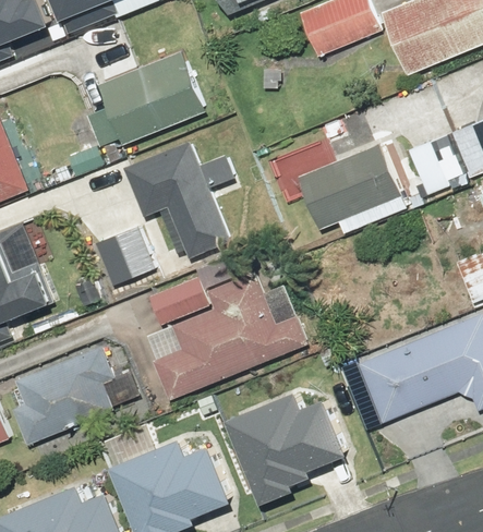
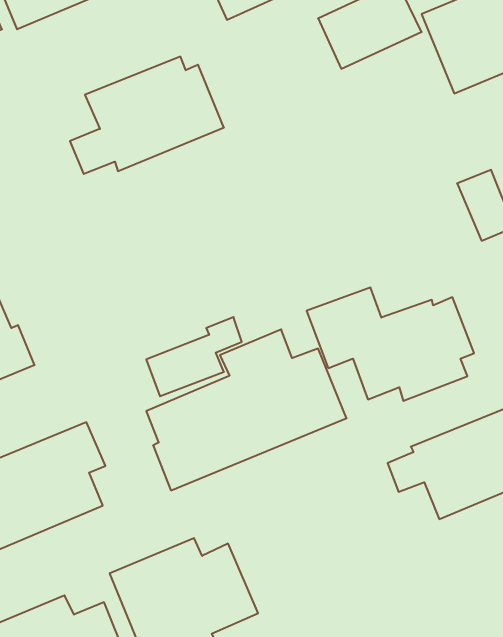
building: [124,132,237,253] -> none
building: [268,140,402,230] -> [307,288,474,401]
building: [94,226,154,285] -> none
building: [237,388,354,499] -> none

